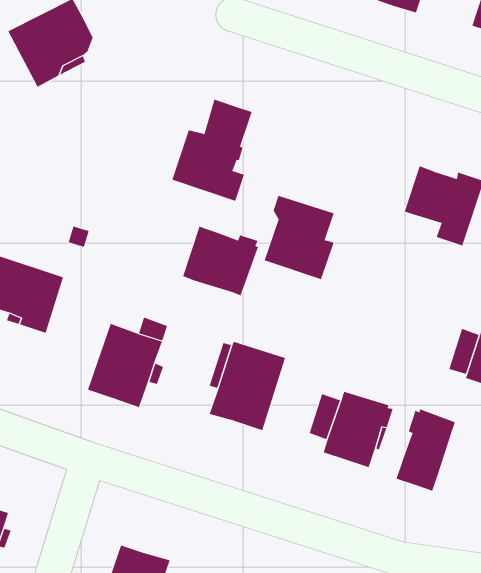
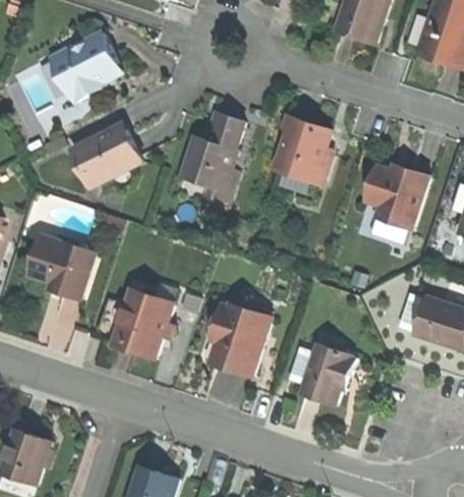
building: none -> [71,129,139,185]
building: [264,195,334,280] -> [274,117,330,184]
building: [182,226,259,296] -> none
building: [396,409,456,491] -> none

